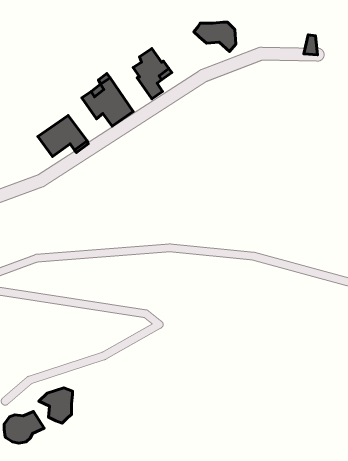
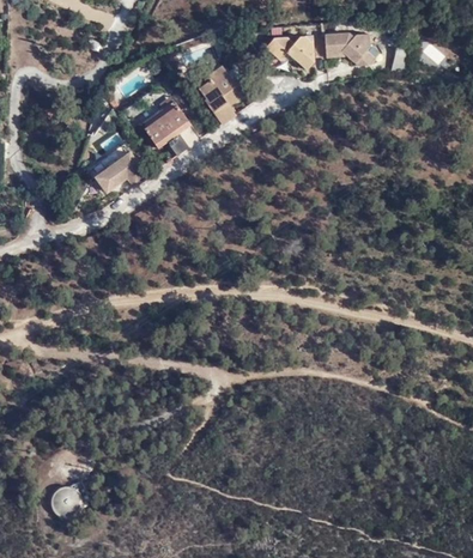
building: none -> [327,35,378,67]
building: [39,388,72,423] -> none

